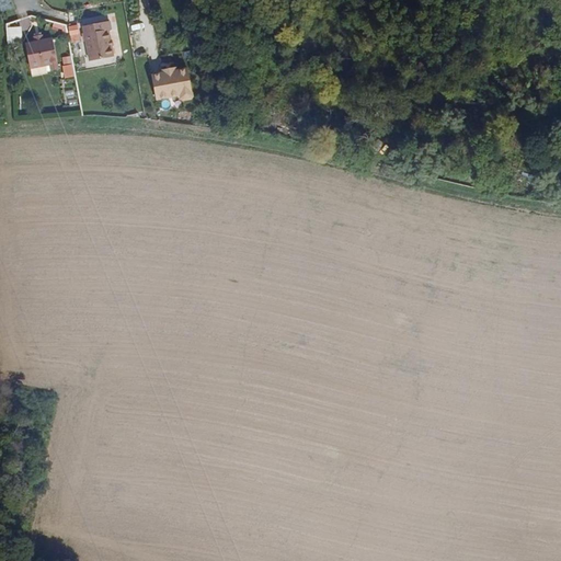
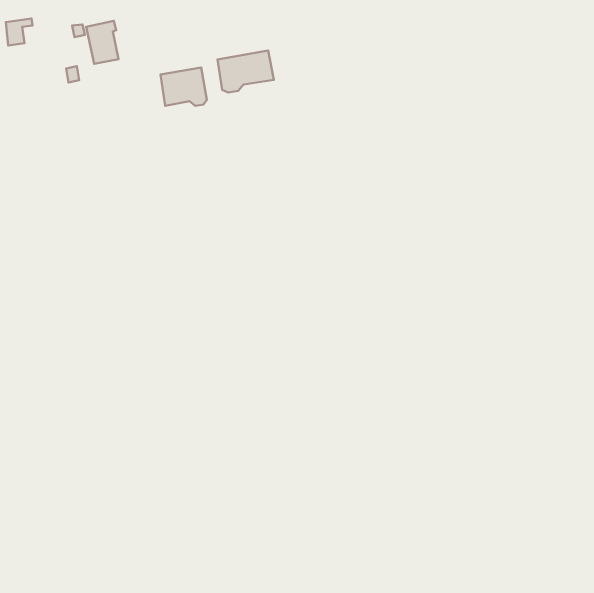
building: [24,34,57,69] -> none
building: none -> [217,51,274,93]

